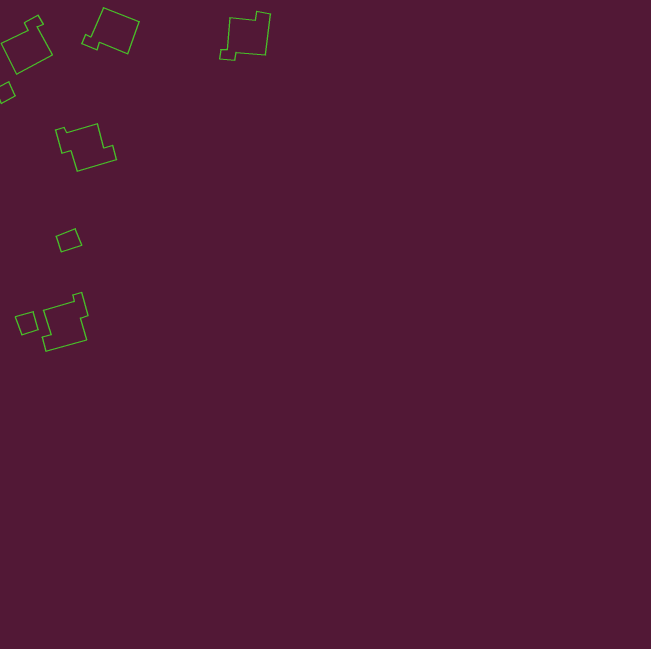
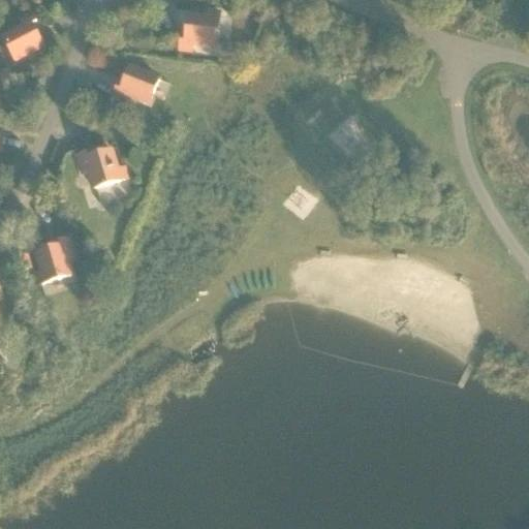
building: [82,8,139,54] -> [112,65,158,102]
building: [55,124,117,171] -> [76,149,126,187]

